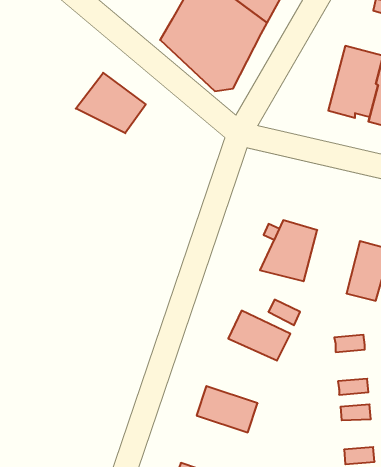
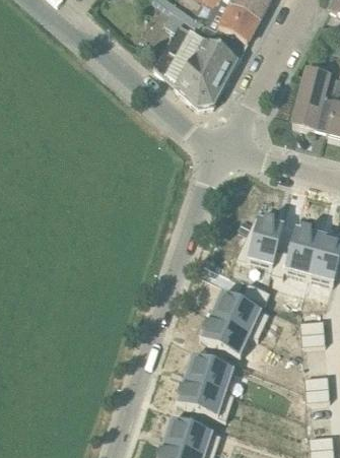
building: [76,73,146,133] -> none
building: none -> [271,225,320,275]
building: none -> [200,313,251,354]
building: none -> [176,377,226,414]

